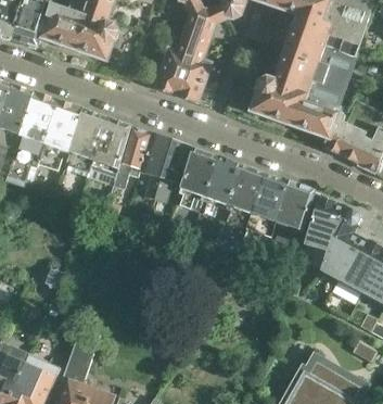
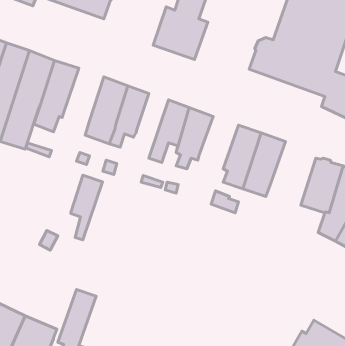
building: [66,109,106,161] -> none
building: [139,134,170,198] -> [71,175,102,240]
building: [201,156,240,217] -> none
building: [272,181,314,244] -> none

